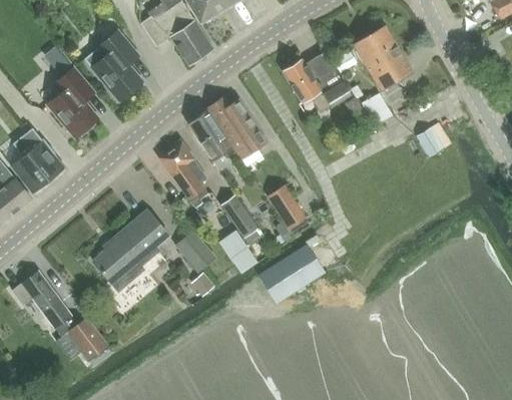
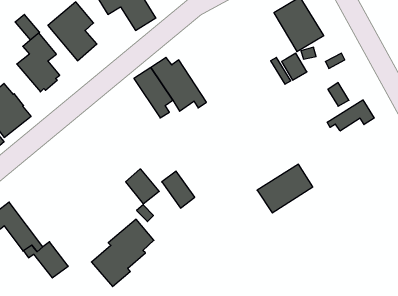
building: [284,52,351,113] -> none
building: [158,140,207,208] -> none
building: none -> [327,100,374,131]
building: [268,187,307,233] -> none
building: [221,198,259,241] -> none
building: [94,211,168,291] -> [91,219,154,287]
building: [259,245,325,303] -> [257,164,313,213]

